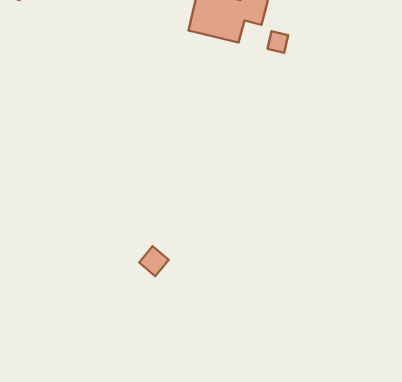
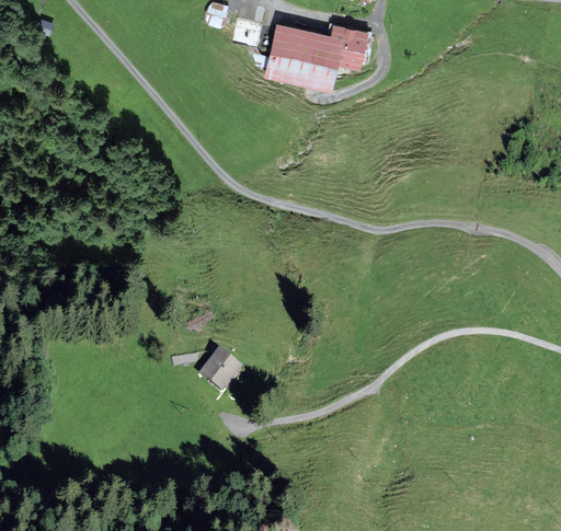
building: [268,31,288,53] -> none

